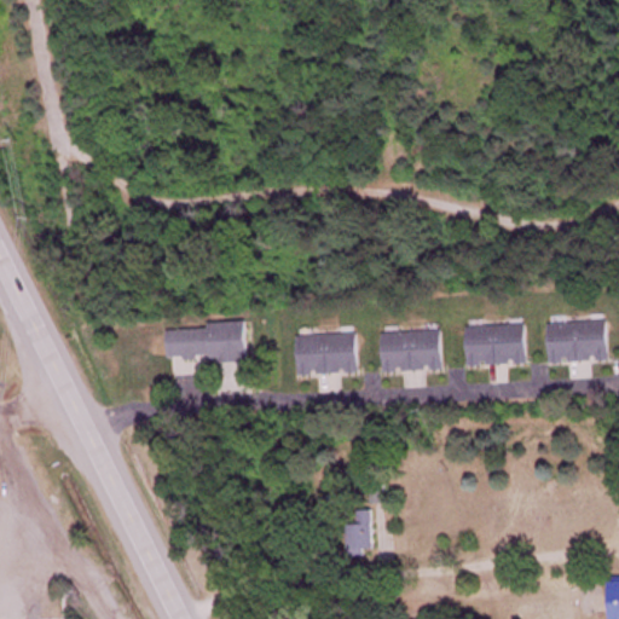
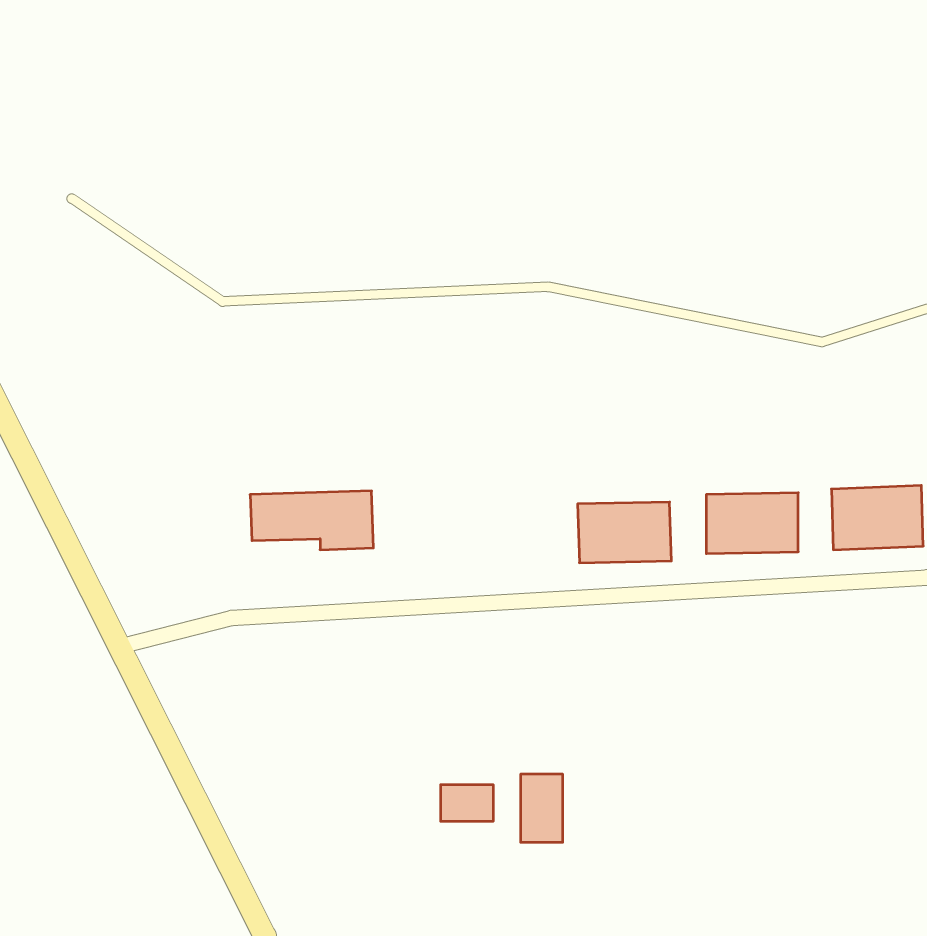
building: [295,332,357,374] -> none
building: none -> [441,785,493,821]

